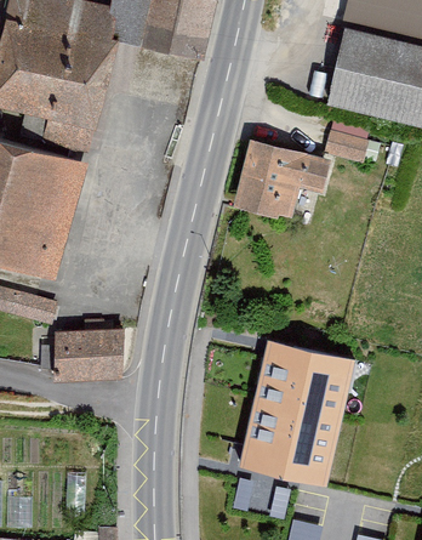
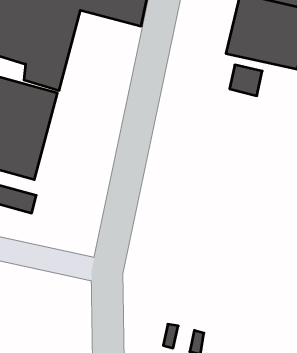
building: [235,138,331,217] -> none
building: [51,330,122,377] -> none
building: [239,336,357,484] -> none

